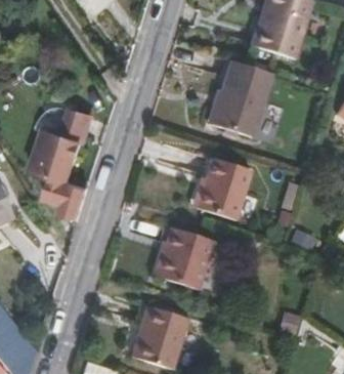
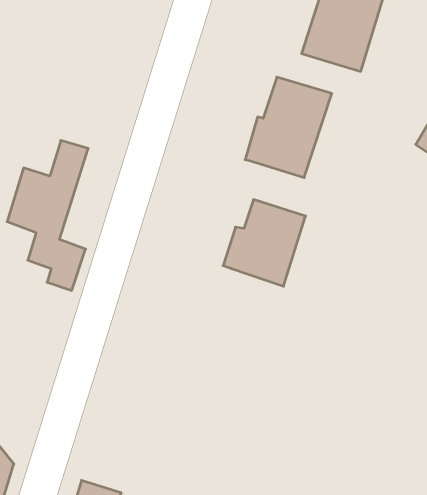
building: [156,224,213,288] -> none
building: [130,302,187,367] -> none

